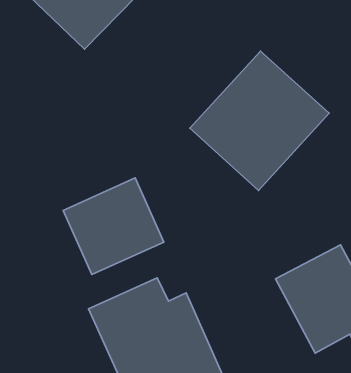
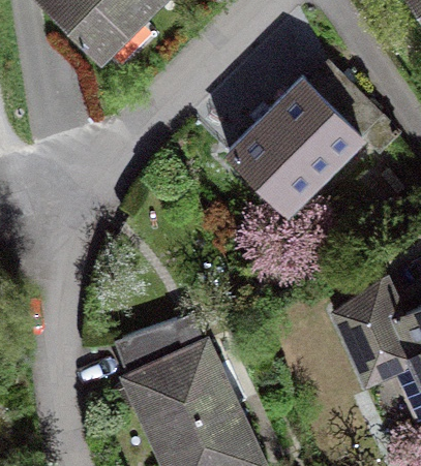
building: [63,178,164,275] -> none

